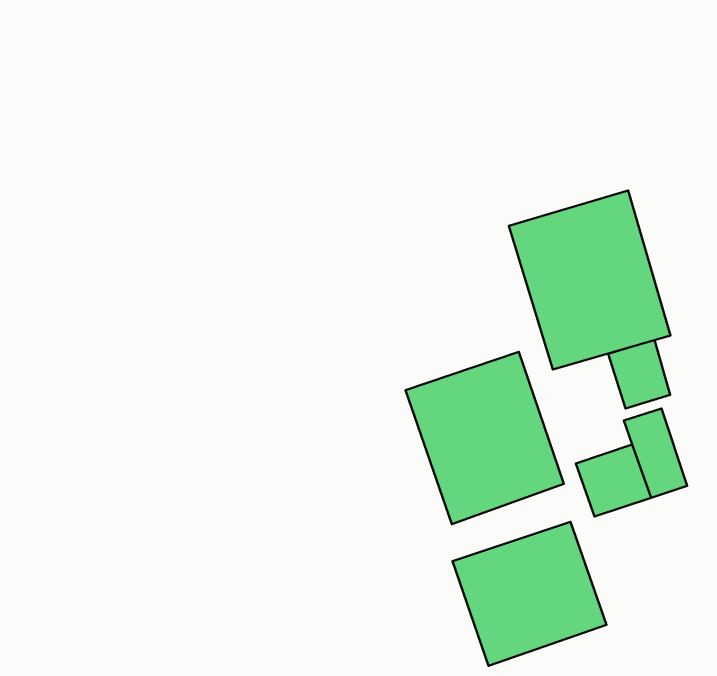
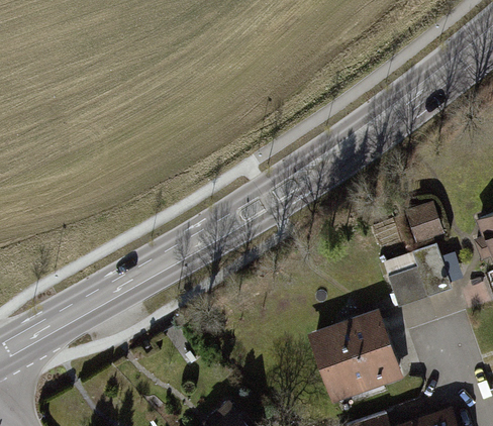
building: [509,191,670,370] -> none
building: [406,352,564,524] -> none

